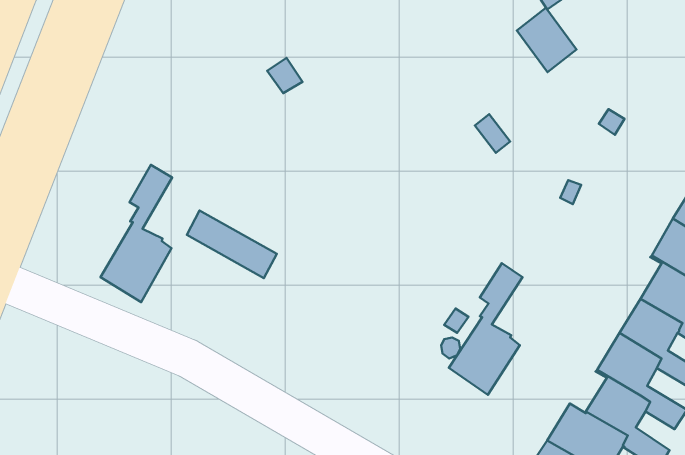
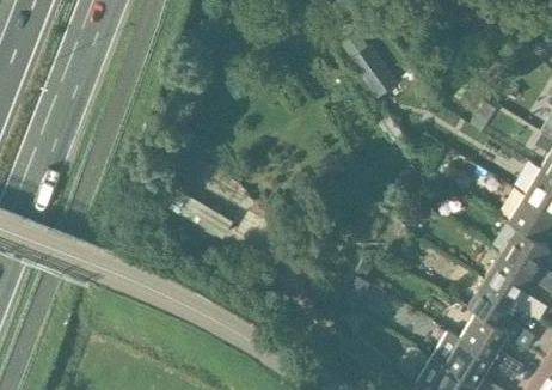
building: [517,8,577,72] -> [349,44,393,92]
building: [101,165,172,302] -> none
building: [449,263,523,395] -> none

